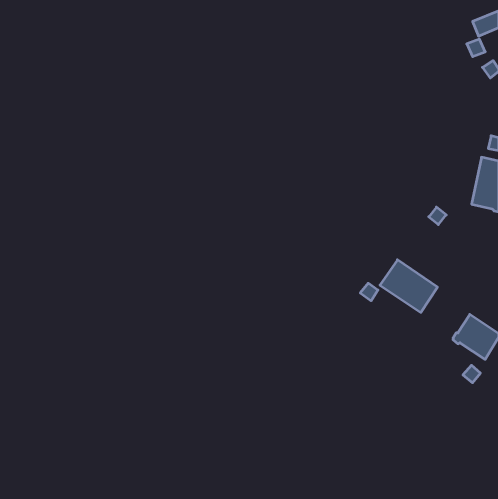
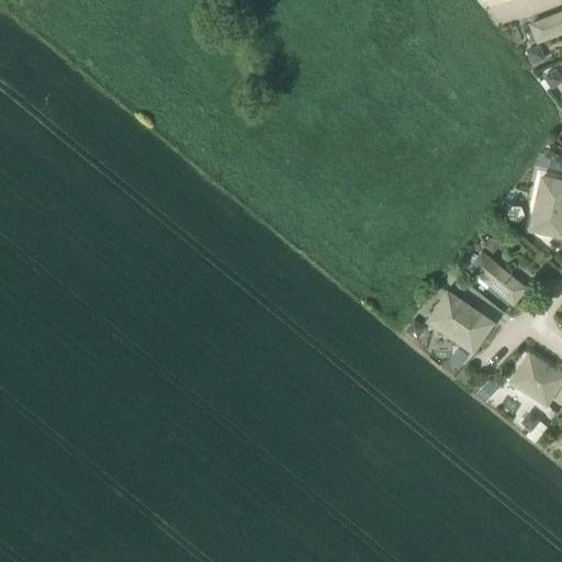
building: none -> [471,254,526,302]

